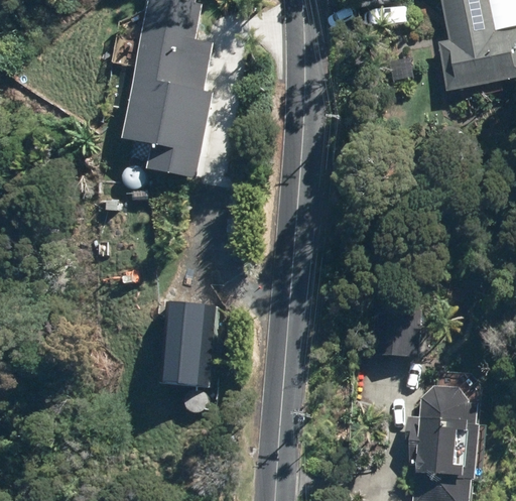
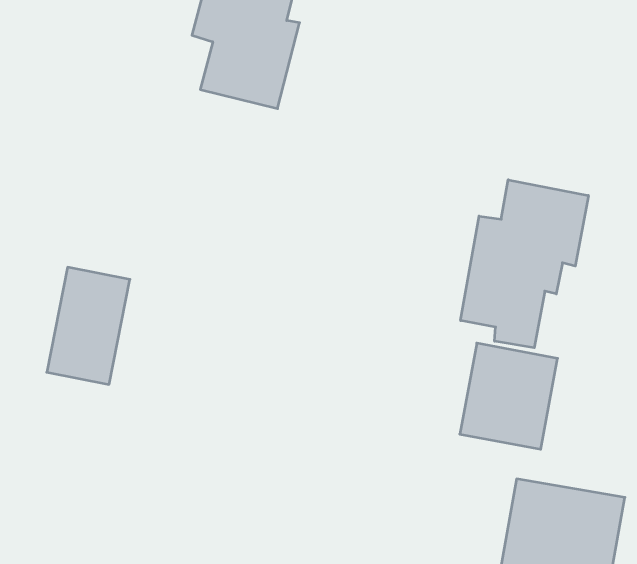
building: none -> [461,180,588,348]
building: [161,305,208,381] -> [47,267,130,384]

